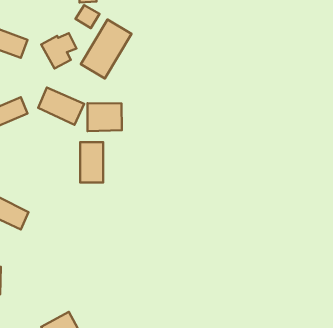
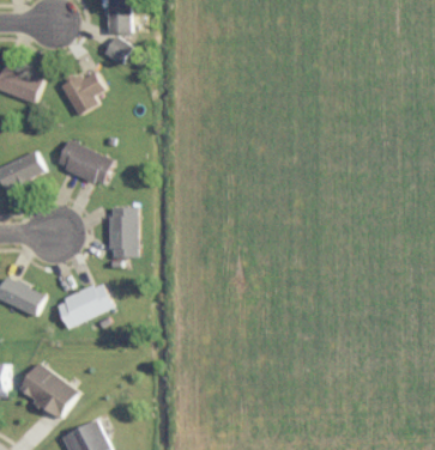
building: [81,20,132,79] -> none
building: [87,103,122,131] -> none
building: none -> [54,281,111,328]
building: none -> [17,363,77,418]

